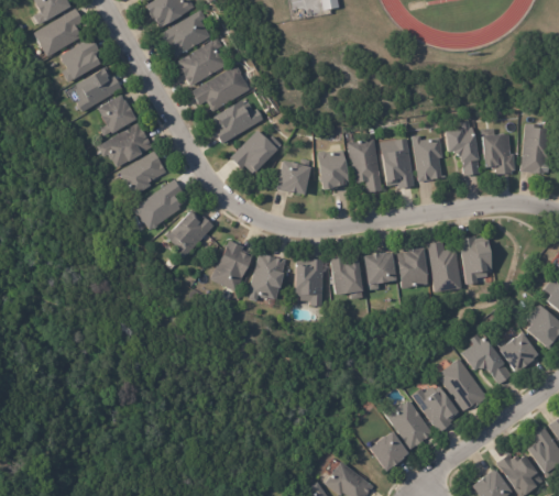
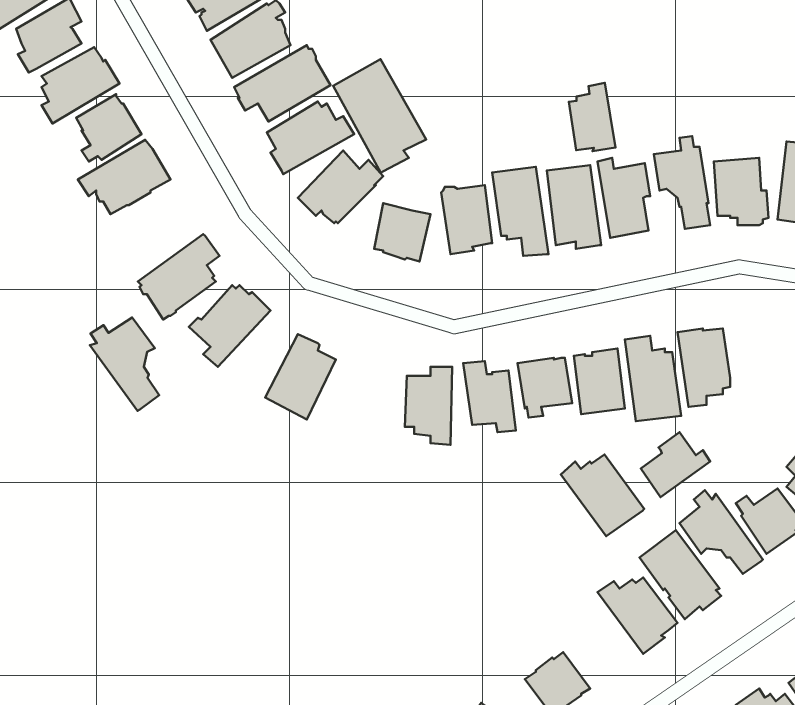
building: none -> [333,59,426,173]
building: none -> [569,83,616,151]
building: [119,151,165,196] -> none
building: none -> [90,318,159,411]
building: [249,253,286,301] -> none
building: none -> [641,432,710,497]
building: [383,400,434,450] -> [561,454,644,536]

